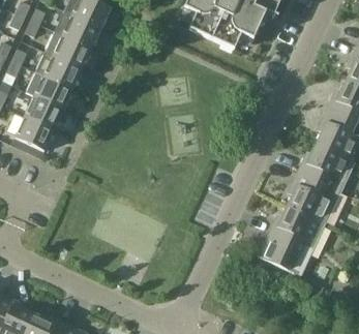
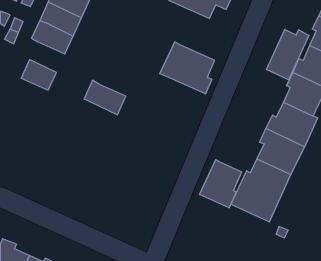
building: none -> [267,29,309,80]
building: [26,71,72,110] -> [84,80,126,115]
building: none -> [160,42,214,94]
building: [14,116,54,151] -> none
building: none -> [199,160,241,208]

